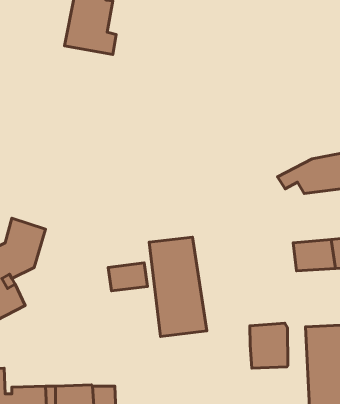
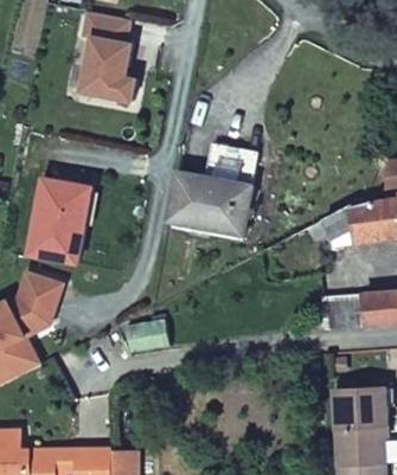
building: none -> [167,146,257,236]
building: none -> [30,179,91,262]
building: [149,237,207,337] -> none
building: [250,323,288,368] -> none

